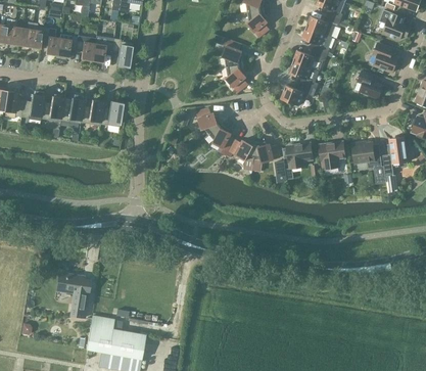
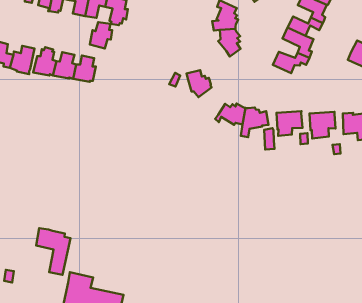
building: [103,102,125,128] -> [90,22,112,48]
building: [208,125,235,155] -> none

